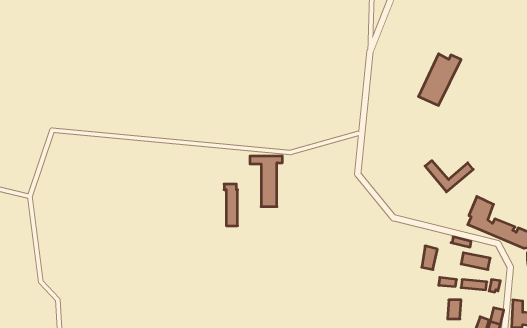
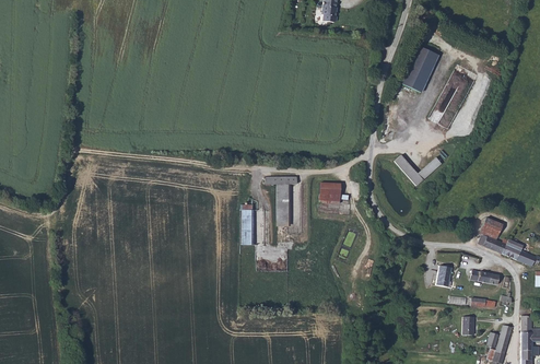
building: none -> [400,46,438,94]
building: [425,161,473,192] -> [395,155,442,186]
building: none -> [319,183,349,204]

